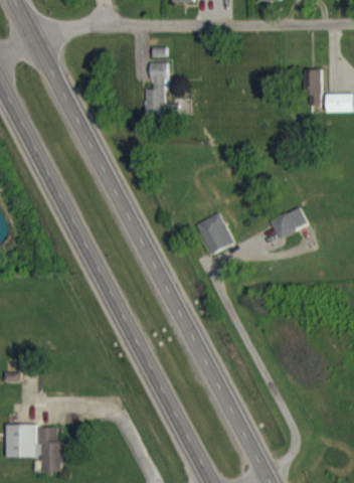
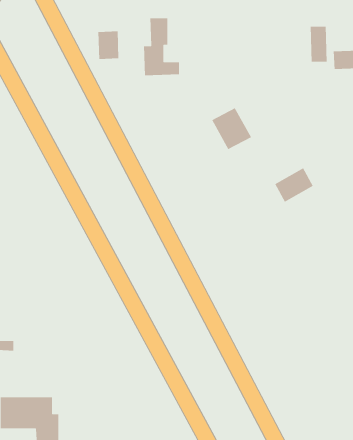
building: none -> [98,31,119,60]
building: [194,212,233,254] -> [211,107,252,150]

